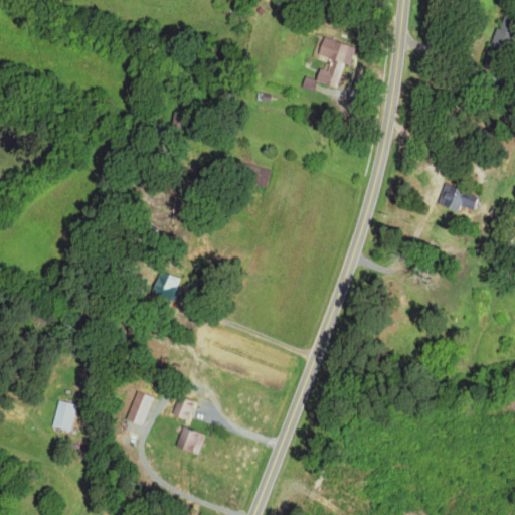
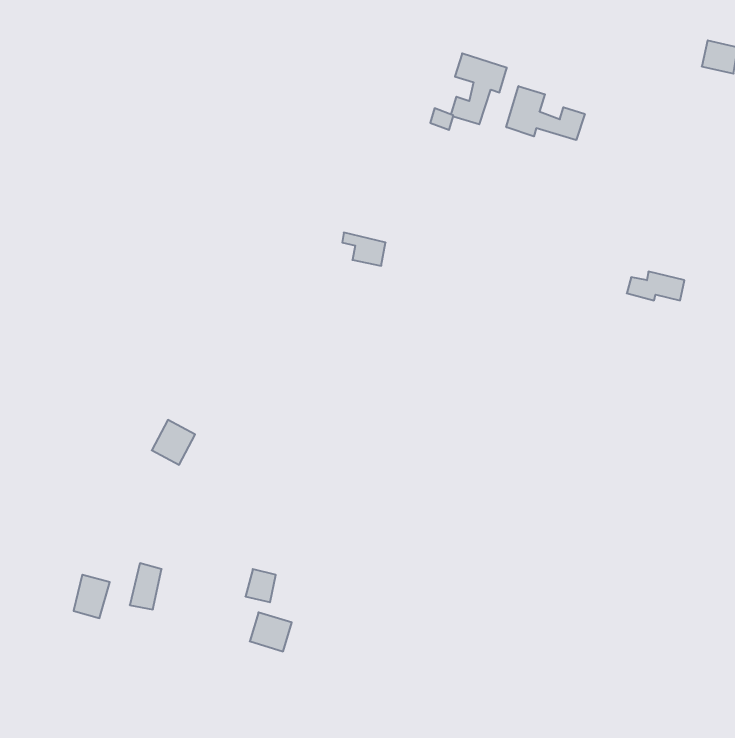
building: none -> [506,86,585,140]
building: [150,269,180,300] -> [152,420,195,465]
building: [128,391,150,423] -> [130,563,162,609]

